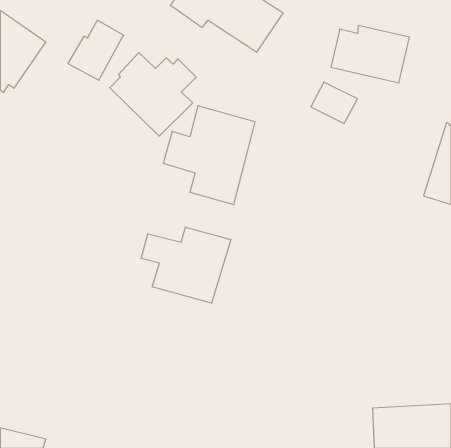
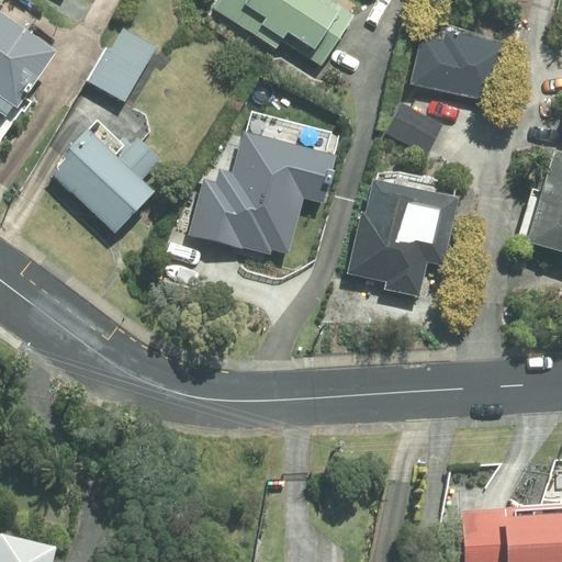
building: [110,53,196,136] -> [52,127,159,232]
building: none -> [347,181,458,297]
building: [141,227,231,303] -> none

